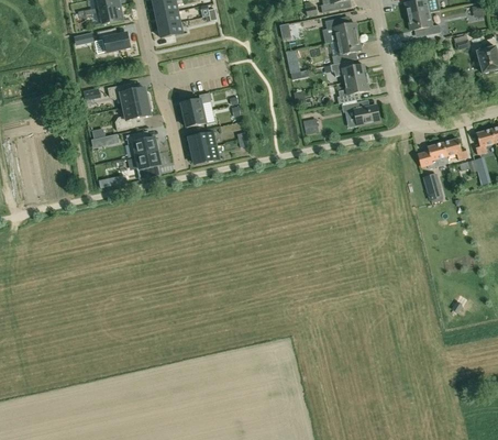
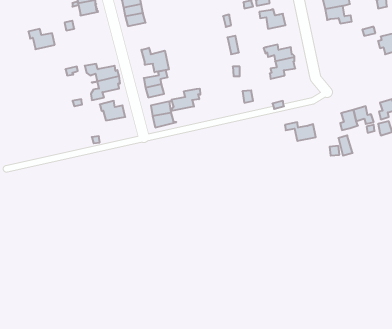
building: [96,28,129,53] -> [28,29,55,49]
building: [332,36,361,64] -> none
building: none -> [141,48,169,72]
building: [341,101,379,124] -> [285,122,316,141]
building: none -> [172,89,200,111]
building: [133,151,159,177] -> none

